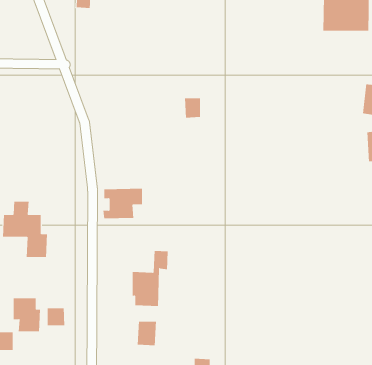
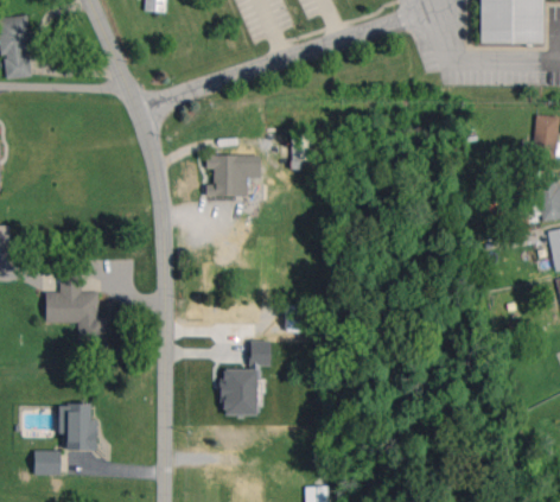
building: [103,188,143,219] -> [205,154,260,196]
building: [47,308,65,326] -> none
building: [137,321,156,346] -> none

